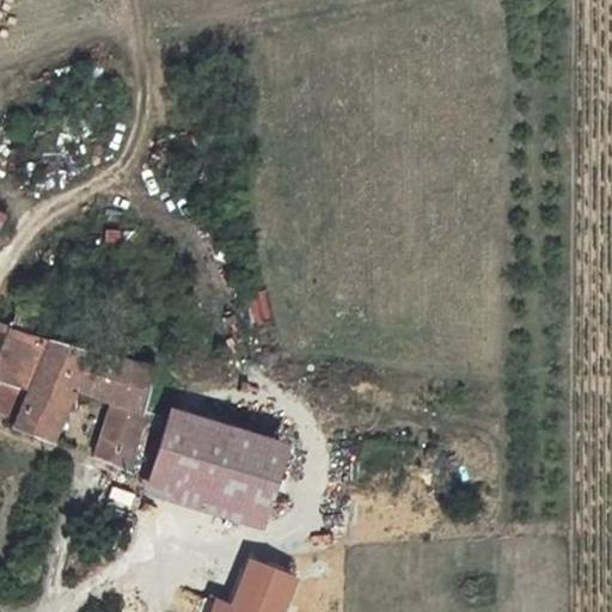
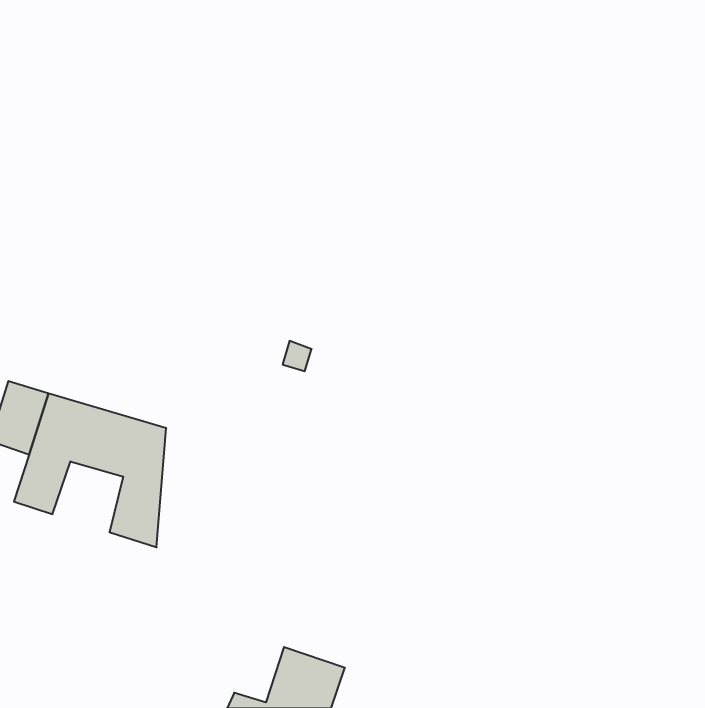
building: [152,423,287,512] -> none

